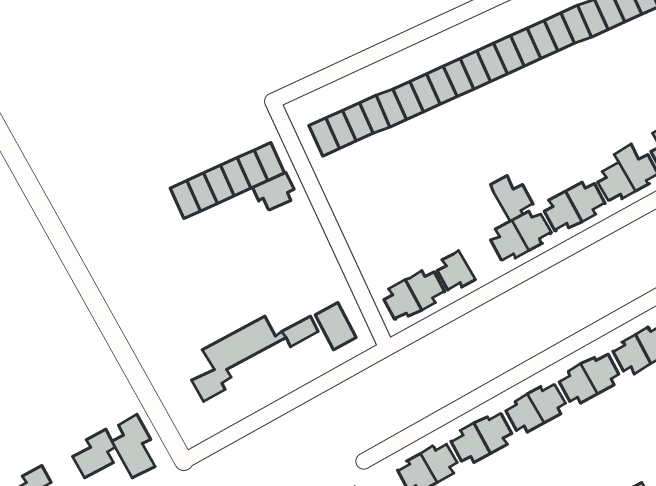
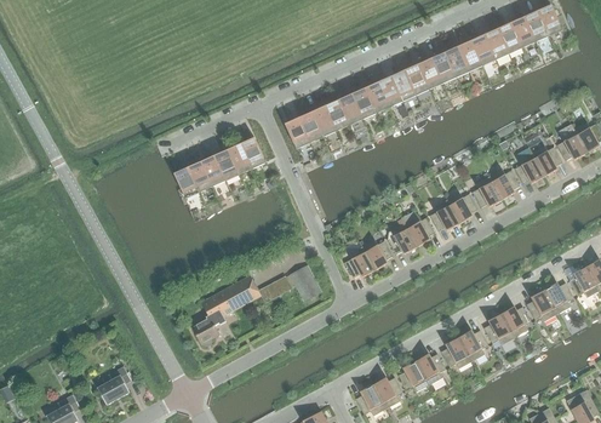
building: [252,172,294,210] -> none
building: [490,175,533,221] -> [400,210,434,246]
building: [112,414,155,478] -> none

